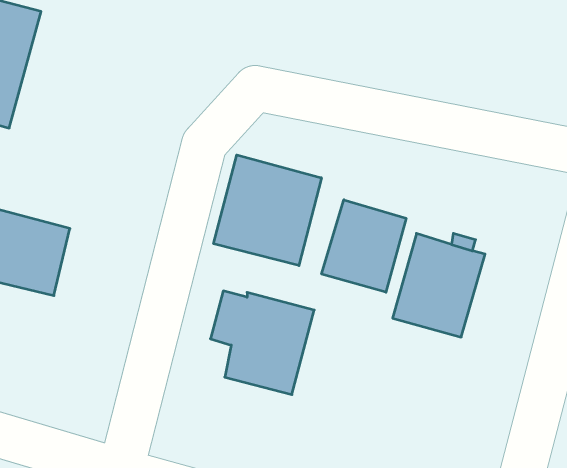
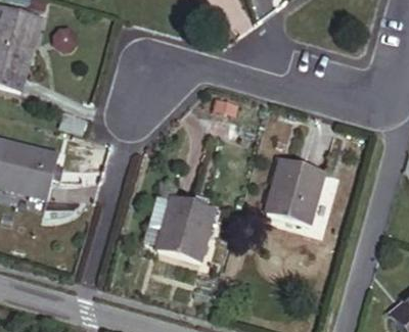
building: [214,155,321,266] -> none
building: [322,200,406,292] -> none

